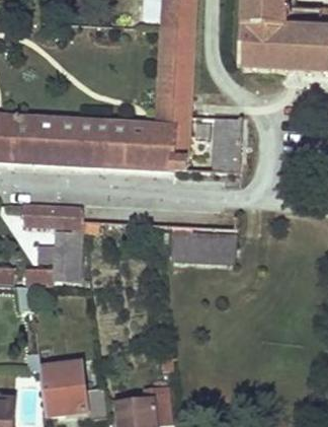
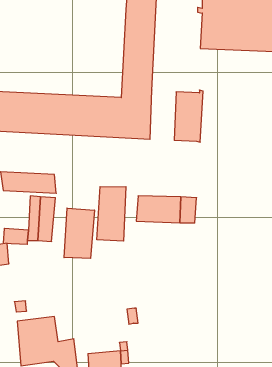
building: none -> [97,187,126,241]
building: none -> [64,208,94,258]

